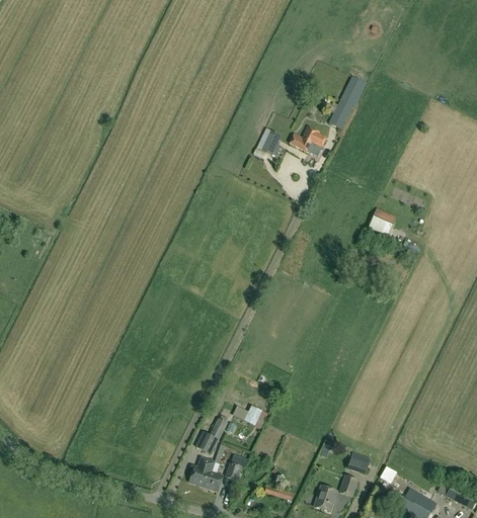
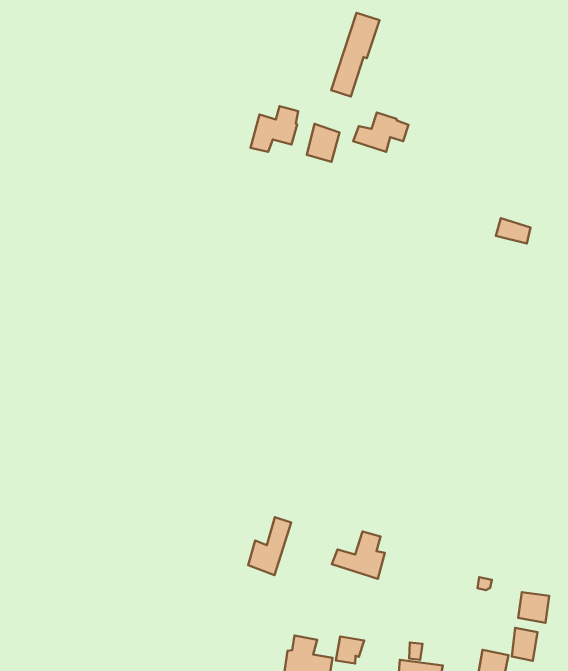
building: [328,76,367,130] -> [331,13,380,97]
building: none -> [251,106,298,152]
building: [195,418,228,455] -> [248,517,291,575]

